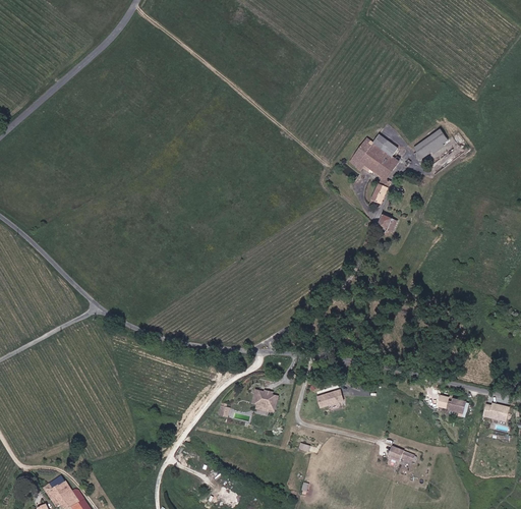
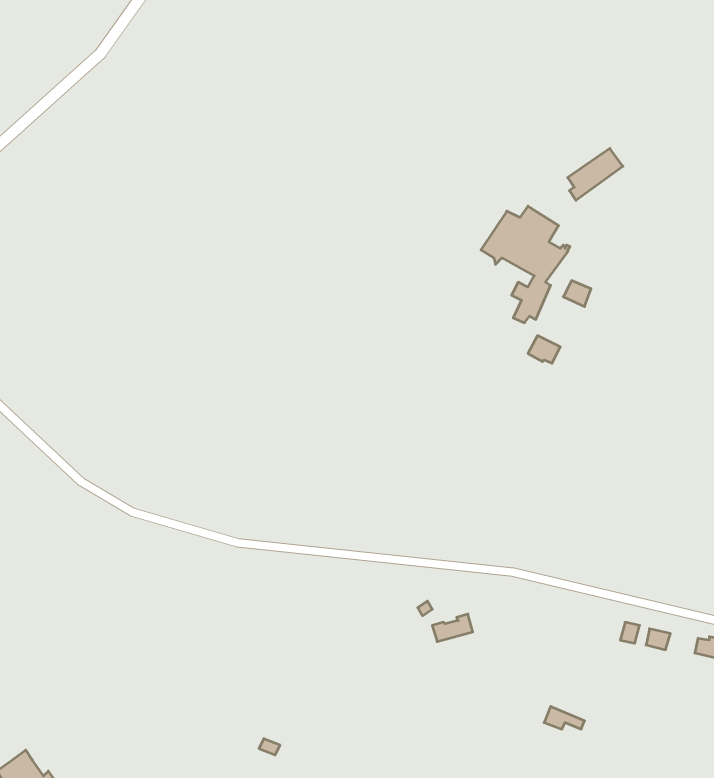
building: [414,129,449,162] -> [568,148,623,200]
building: [252,389,278,411] -> none

